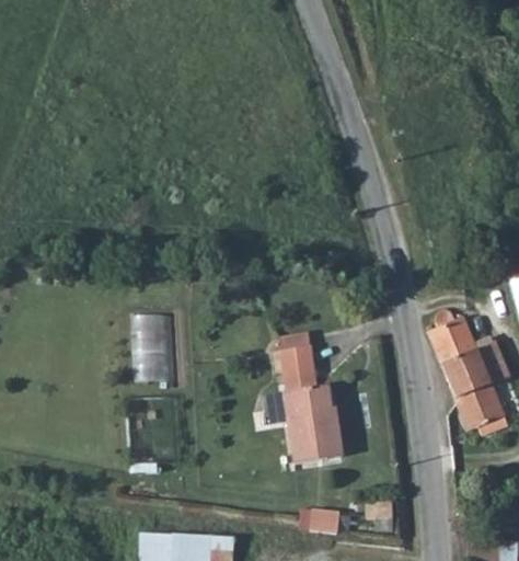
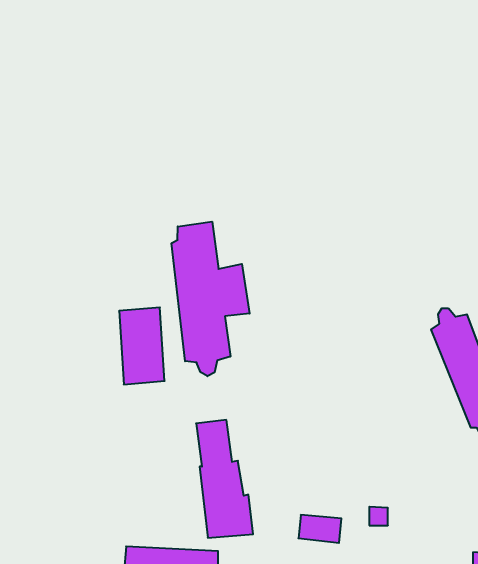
building: none -> [172,222,250,376]
building: [285,347,338,458] -> [196,420,253,538]

